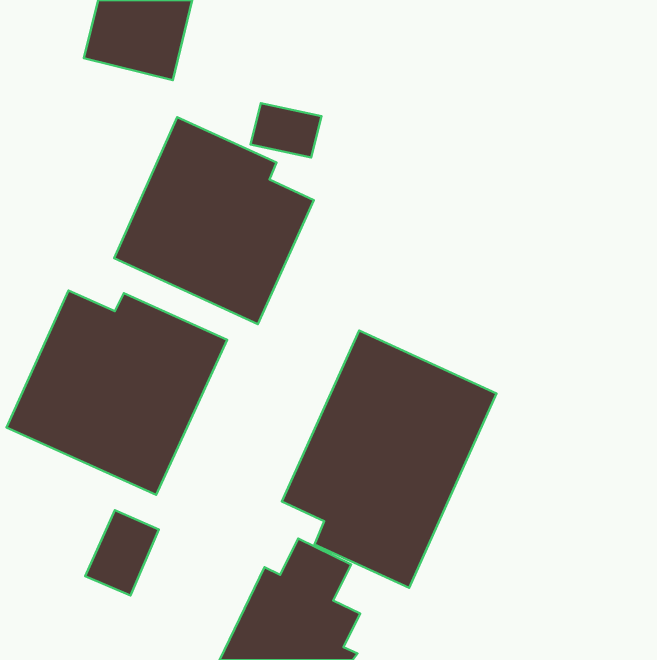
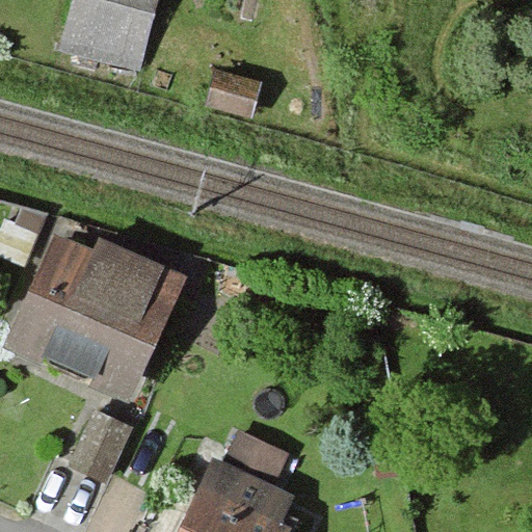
building: [114,117,314,324] -> none
building: [282,330,496,588] -> none

